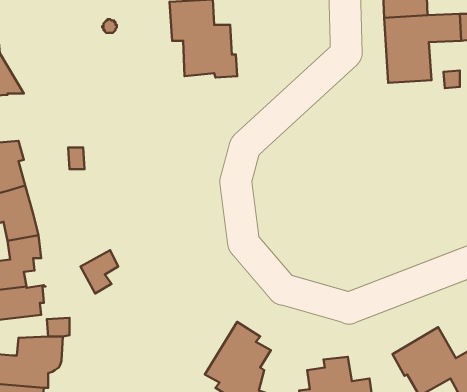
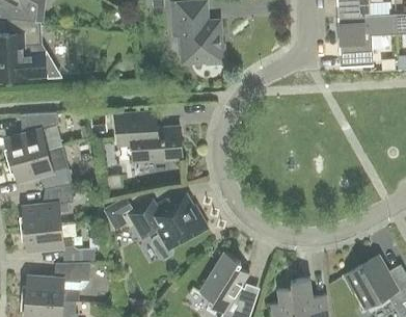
building: none -> [115,111,182,161]
building: none -> [130,196,208,258]

